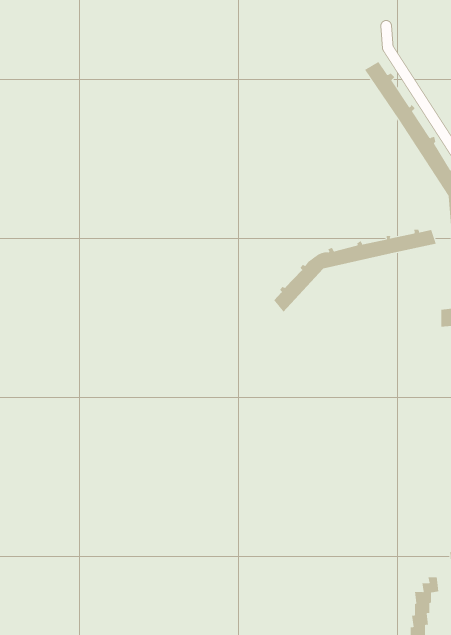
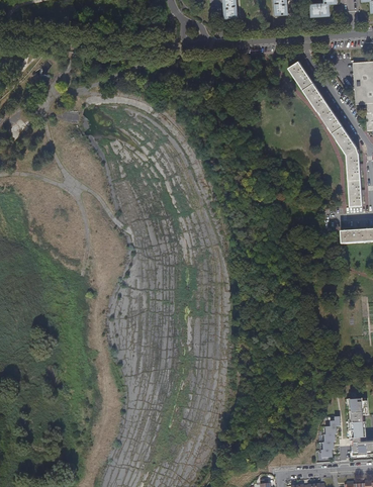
building: [273,229,437,312] -> none

